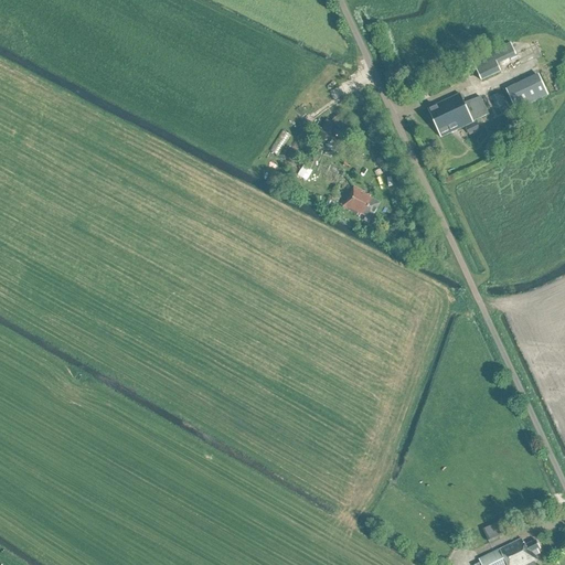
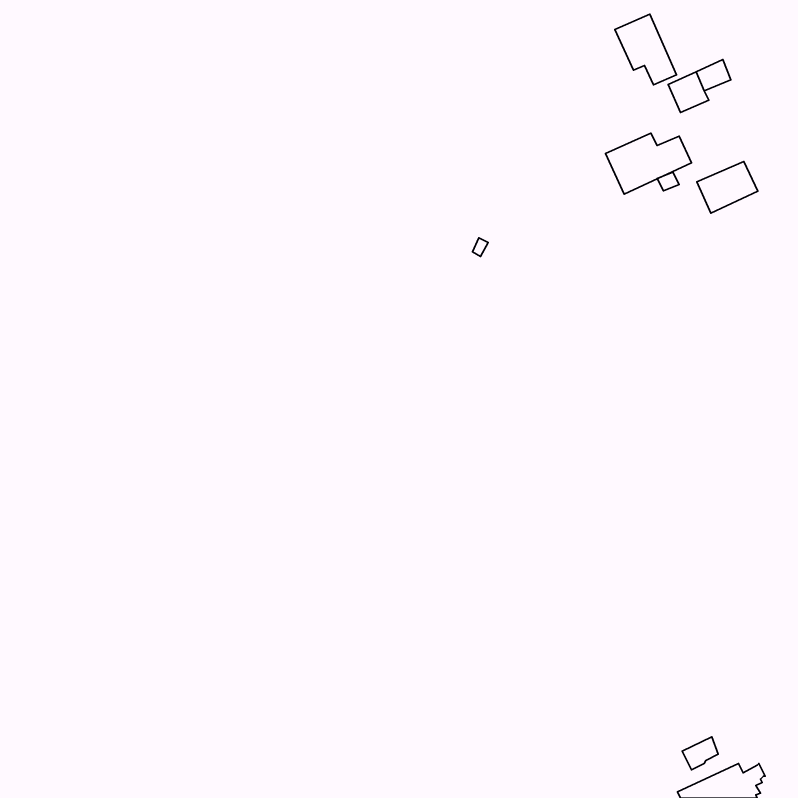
building: none -> [615,14,676,85]
building: [504,74,547,110] -> [697,162,758,213]
building: [342,186,379,218] -> none

